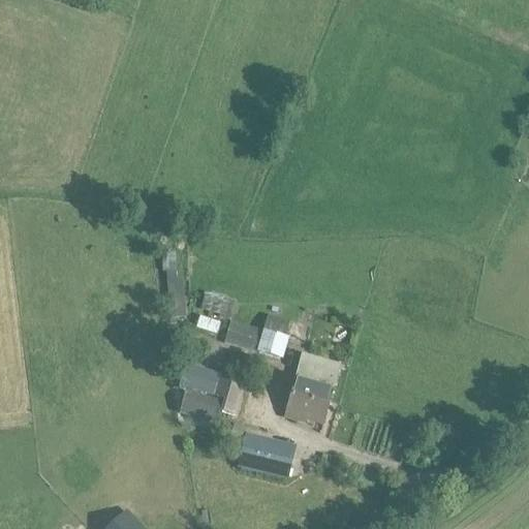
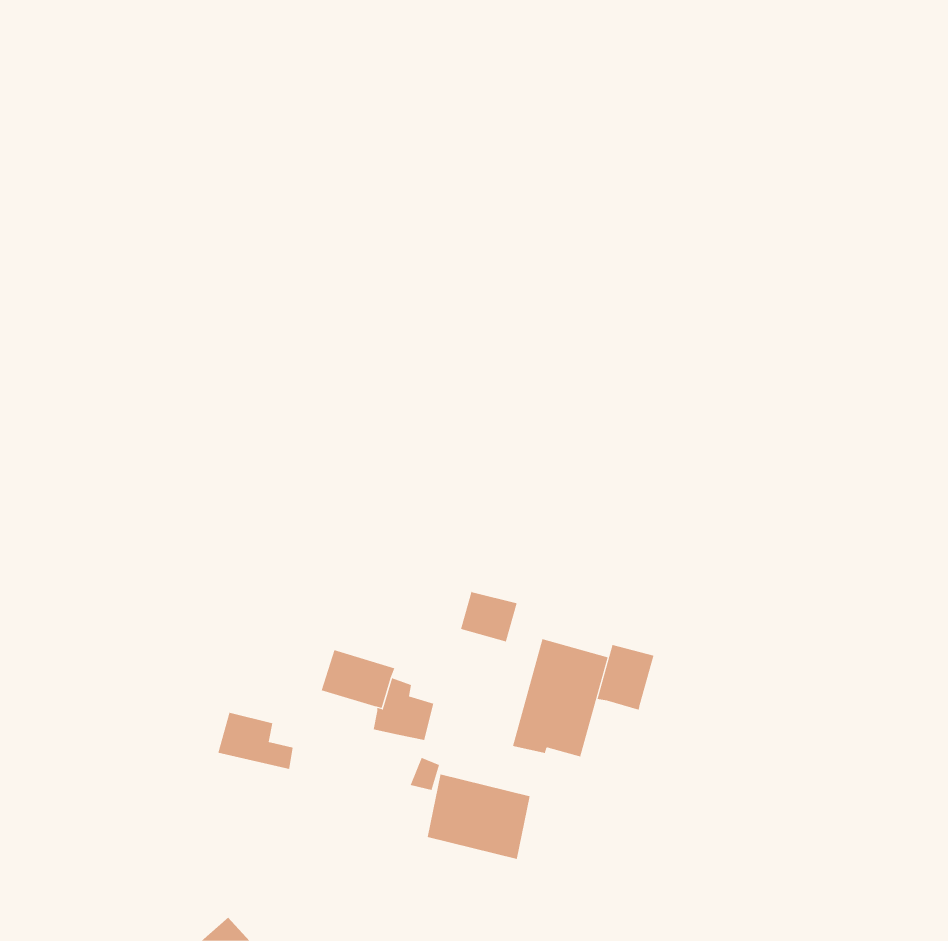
building: [224,318,257,348] -> none
building: none -> [597,644,654,710]
building: [179,390,221,422] -> [218,712,294,770]

